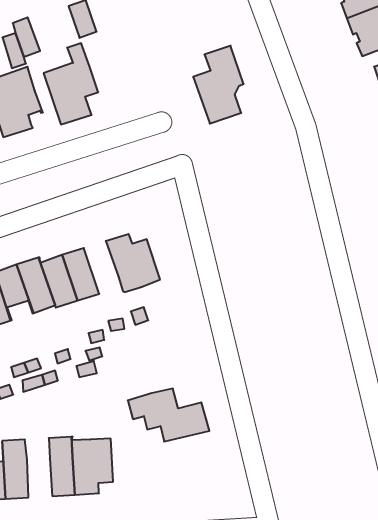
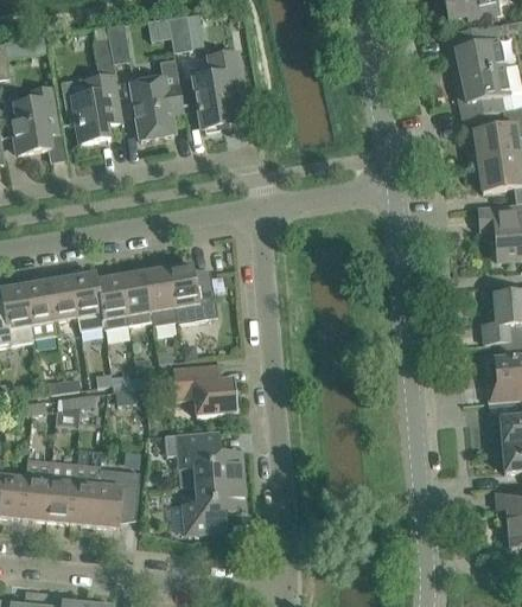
building: [193,46,244,124] -> [192,51,243,128]
building: none -> [144,267,177,325]
building: none -> [173,363,237,415]
building: none -> [183,480,246,533]
building: none -> [45,459,76,522]

